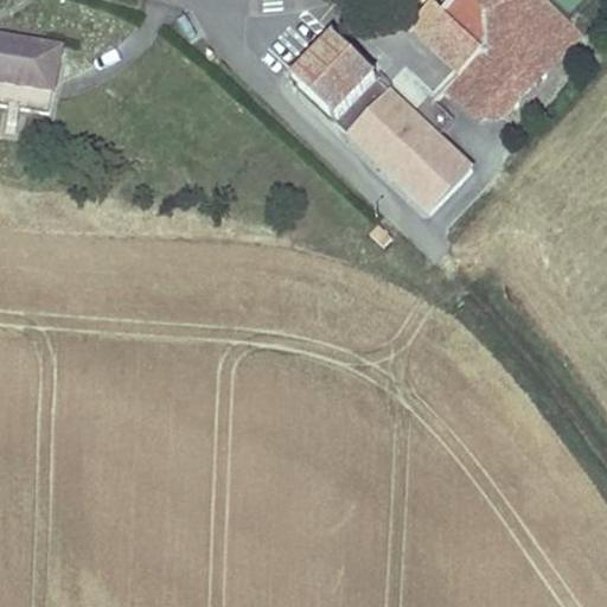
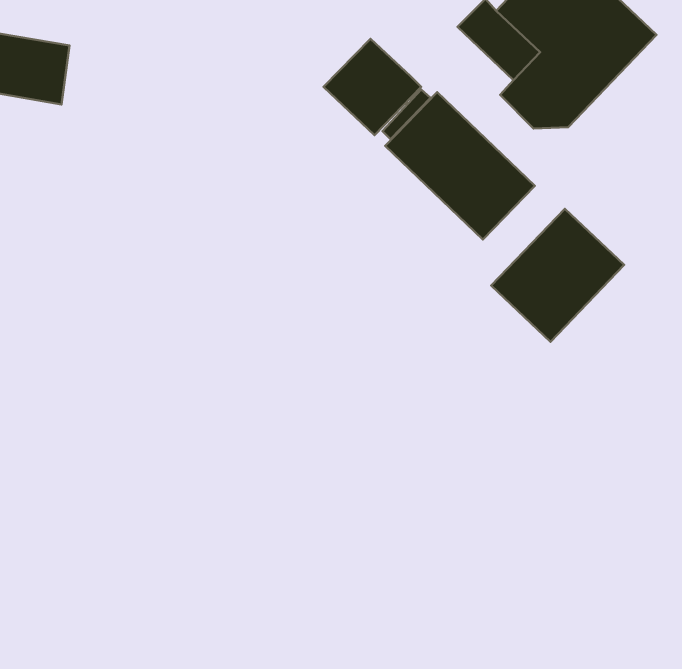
building: none -> [491,209,624,342]

